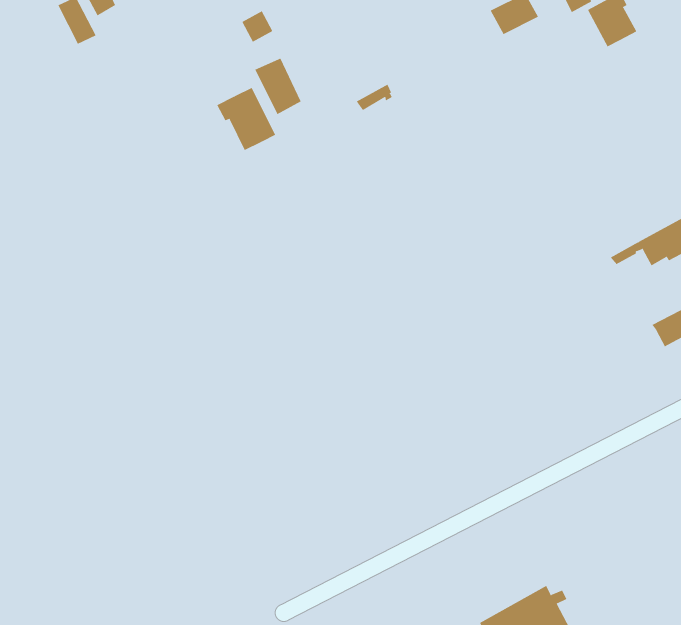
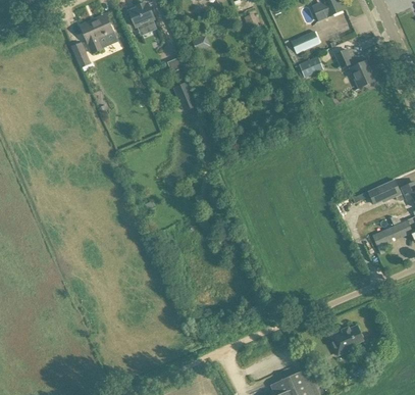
building: [217,87,276,151] -> none
building: none -> [329,326,364,351]

